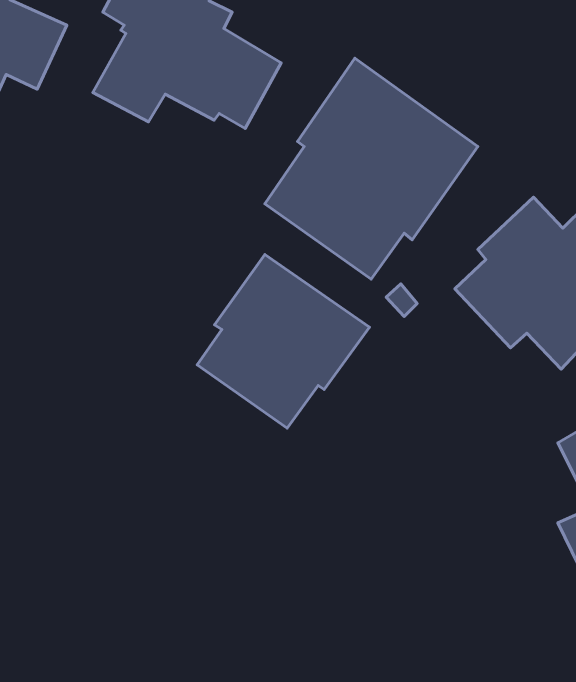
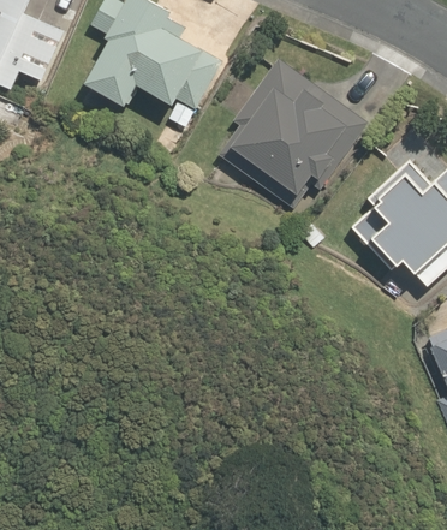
building: [197,254,370,428] -> none

